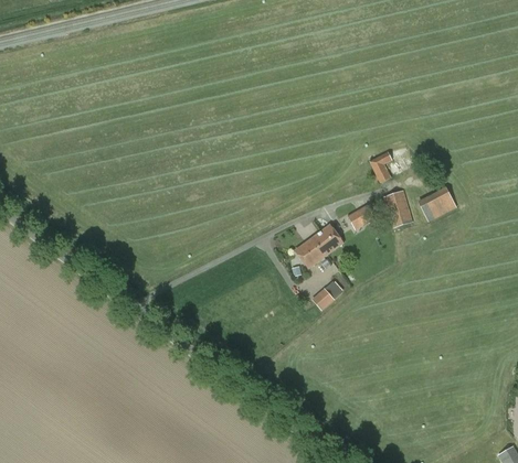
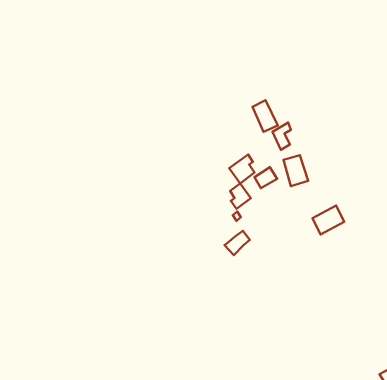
building: none -> [252,100,278,132]
building: [417,185,456,220] -> [312,205,344,234]
building: [295,233,326,268] -> [229,154,255,183]

